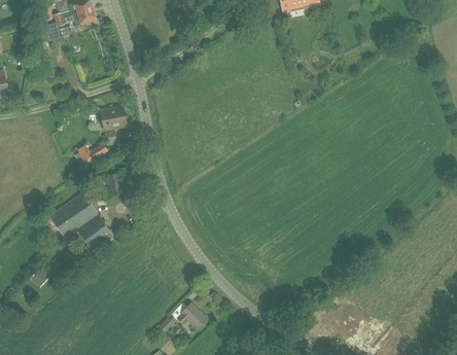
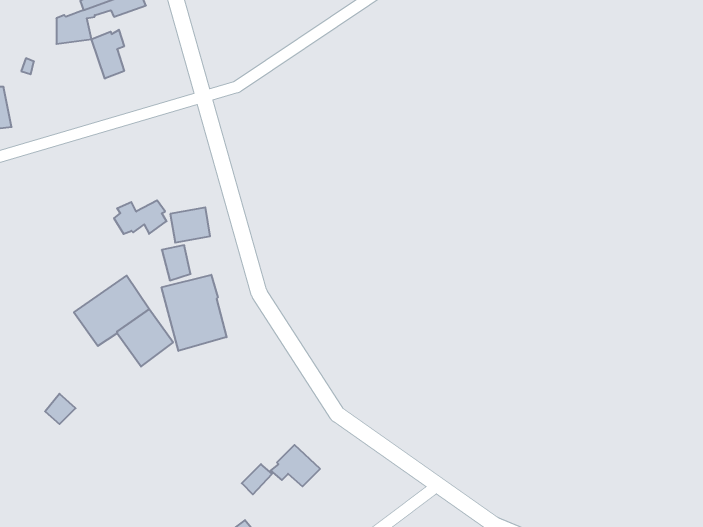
building: none -> [91,30,124,79]
building: [101,106,127,129] -> [170,207,210,243]
building: none -> [162,275,227,351]

